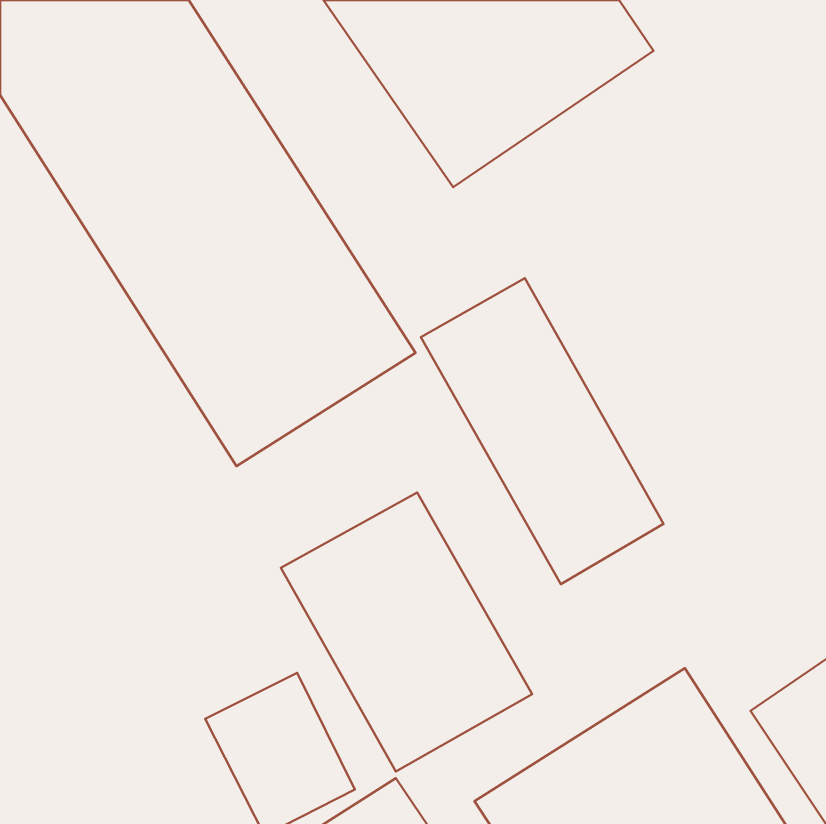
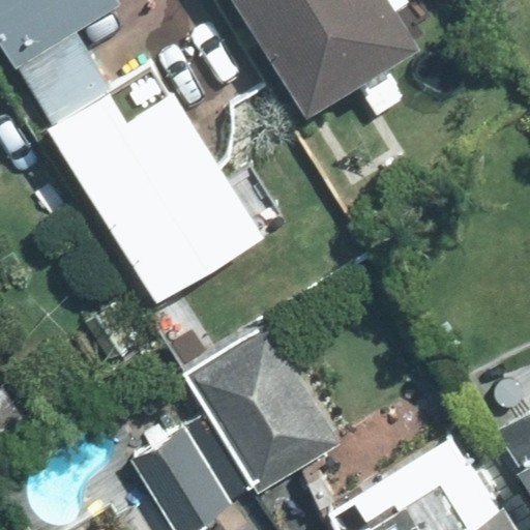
building: [421,278,664,584] -> none

